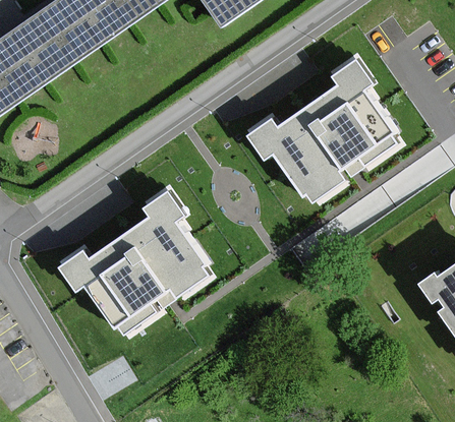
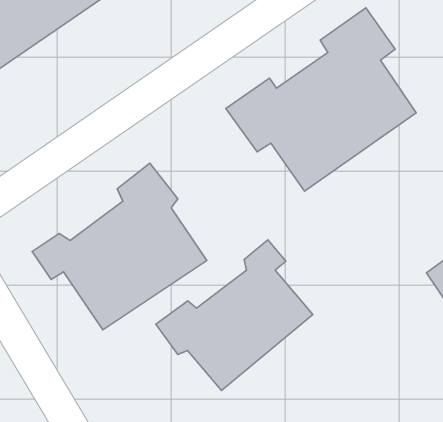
building: none -> [156,240,313,391]

